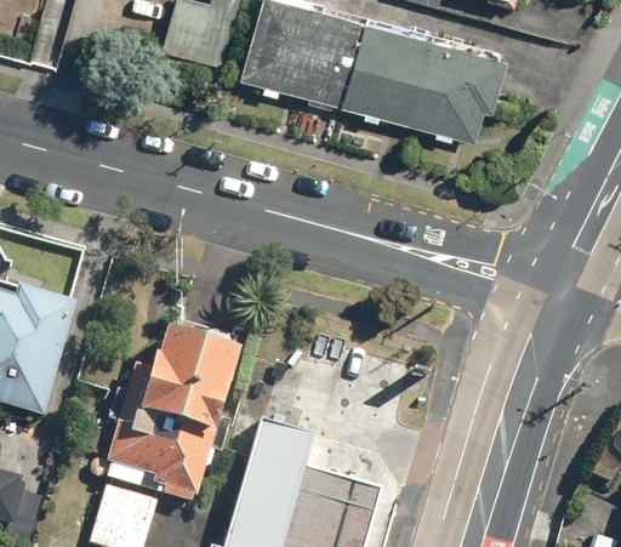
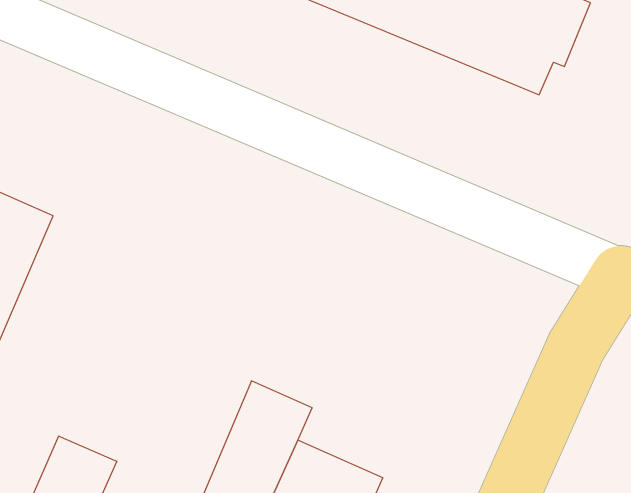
building: [104,334,234,505] -> none

